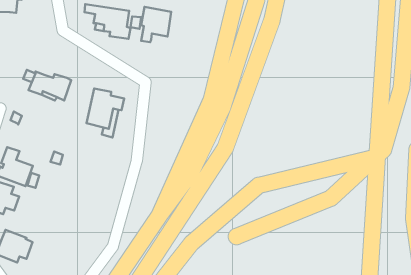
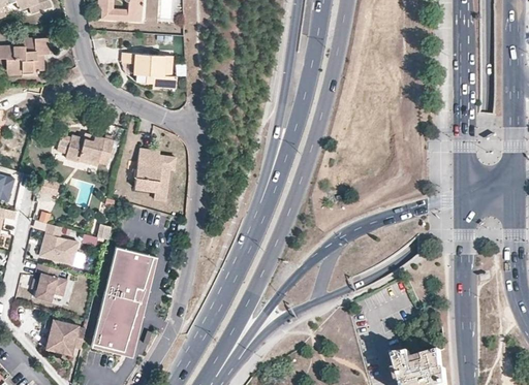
building: [141,7,171,42] -> none
building: none -> [90,247,152,352]

